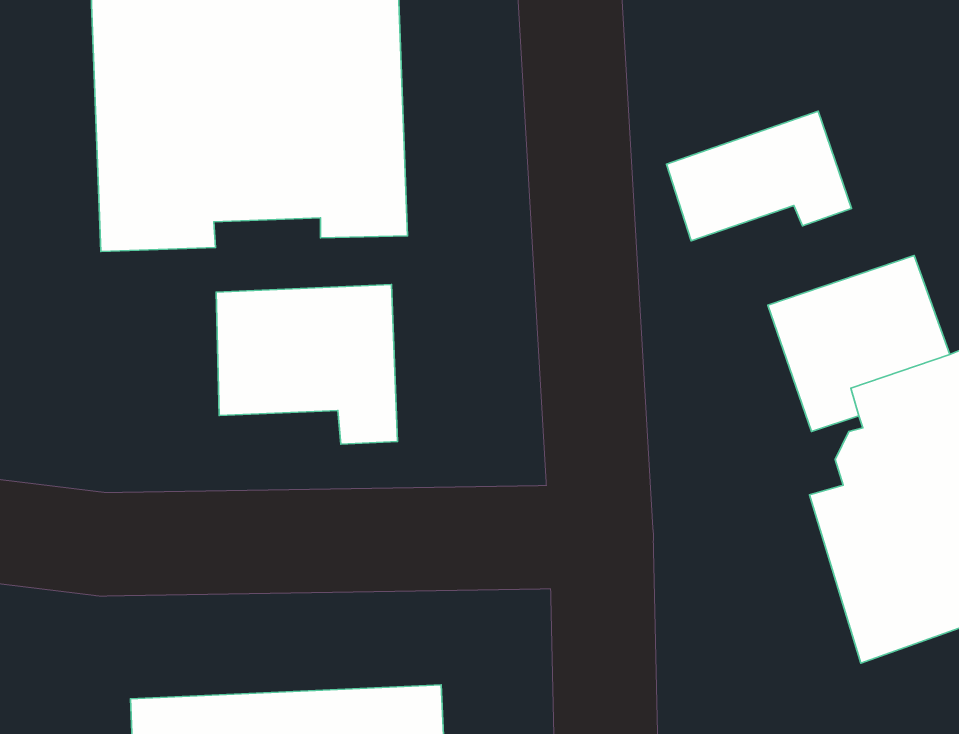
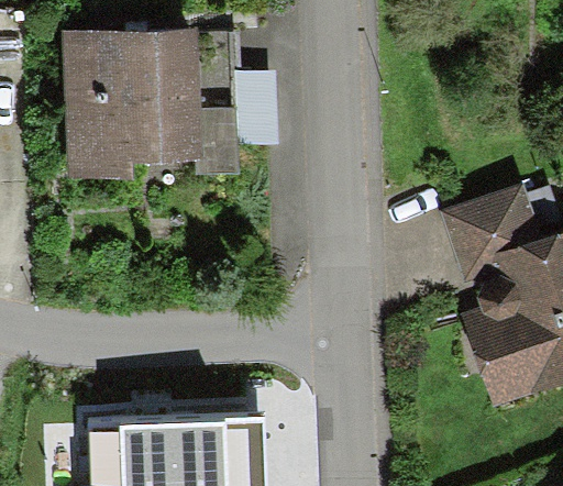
building: [666,111,852,241] -> none
building: [216,285,398,444] -> none

